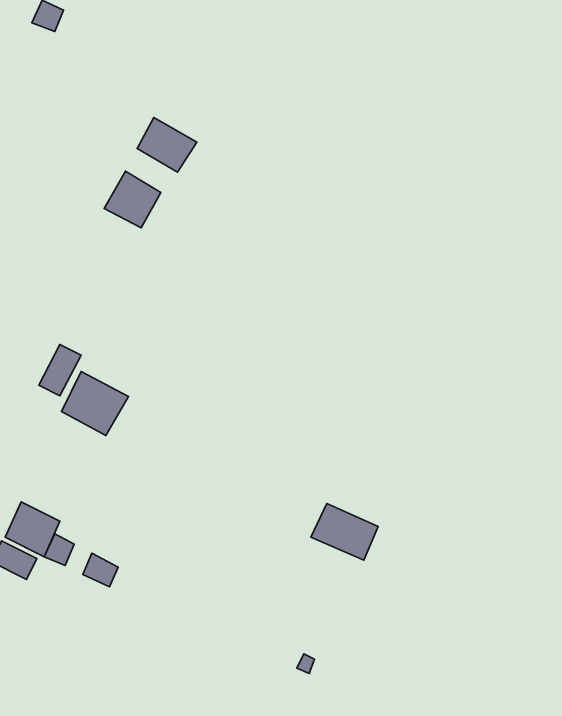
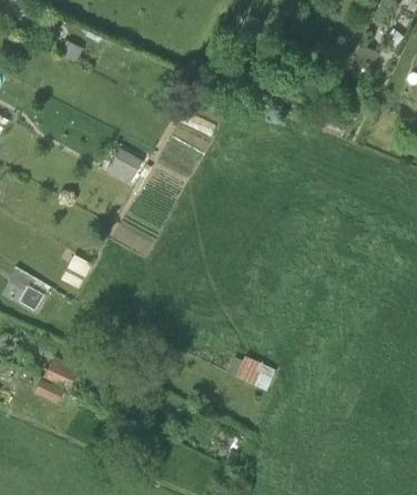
building: [137,118,197,172] -> none
building: [62,372,128,435] -> none

